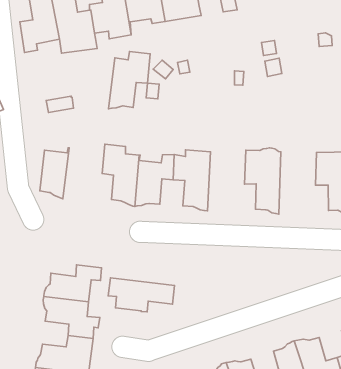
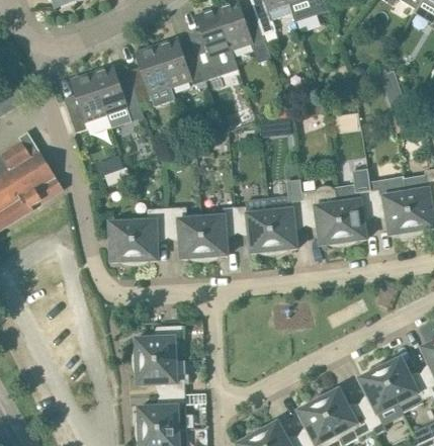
building: [108,52,150,109] -> [133,206,168,265]
building: none -> [268,179,306,254]
building: none -> [335,168,373,246]
building: [108,278,175,312] -> none

